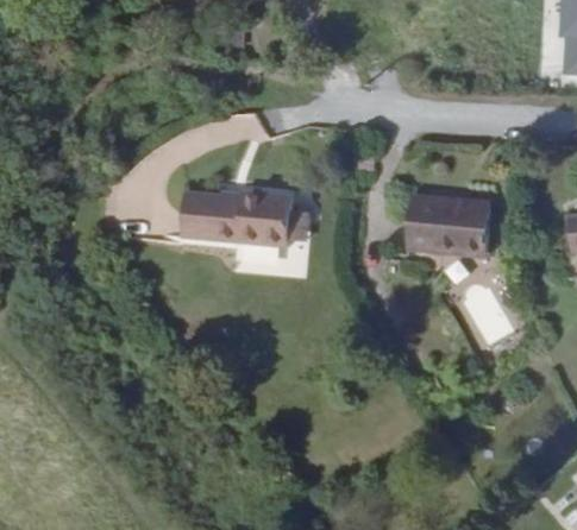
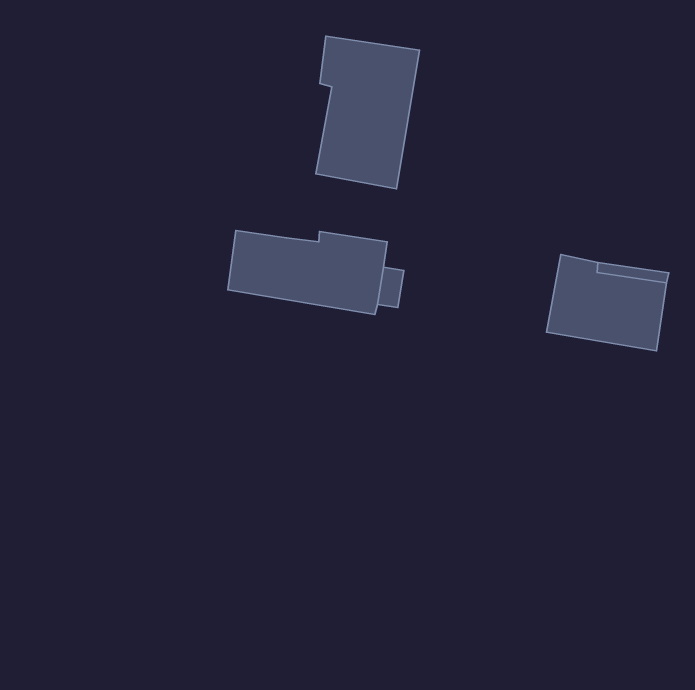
building: none -> [316,36,419,189]

